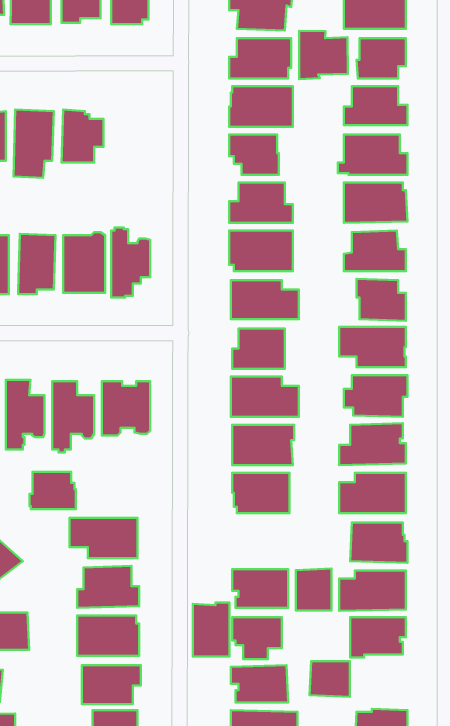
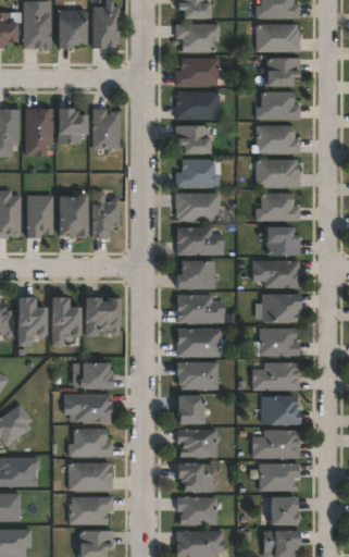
building: [299,31,348,79] -> none
building: none -> [94,109,121,148]
building: [29,472,76,509] -> [80,363,113,389]
building: [296,569,332,610] -> [179,396,204,425]
building: [193,603,229,656] -> none
building: [310,661,350,697] -> [271,498,299,523]

